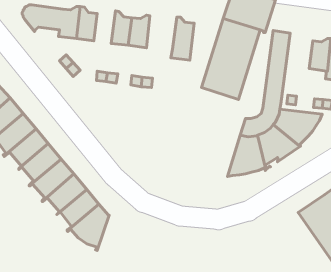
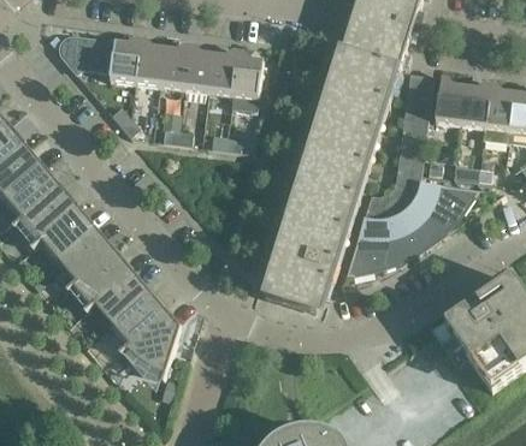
building: none -> [158,42,188,88]
building: [171,17,194,60] -> [229,49,261,109]
building: none -> [433,75,463,123]
building: none -> [264,149,360,310]

